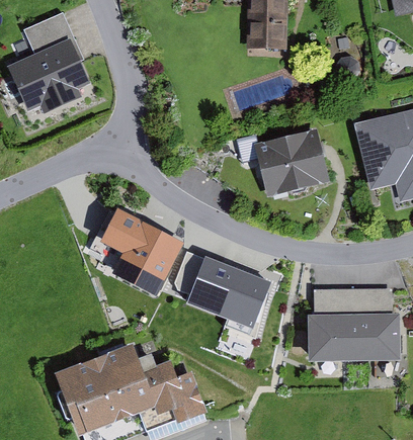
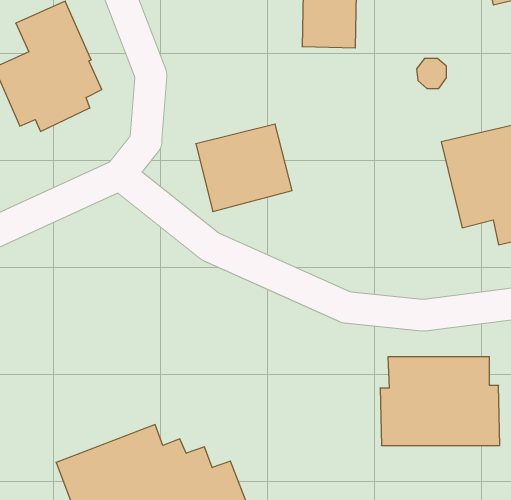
building: [253,128,328,196] -> [196,124,292,211]
building: [92,211,183,289] -> none
building: [183,256,274,334] -> none

